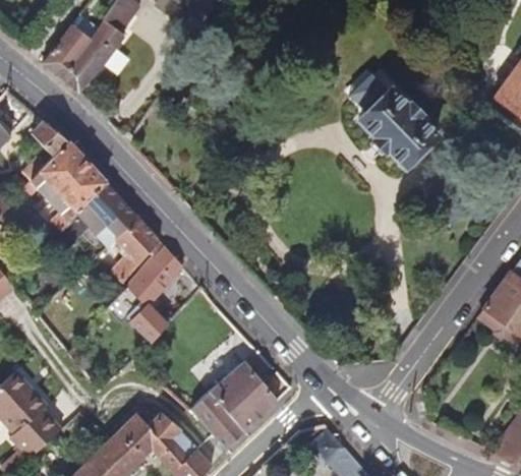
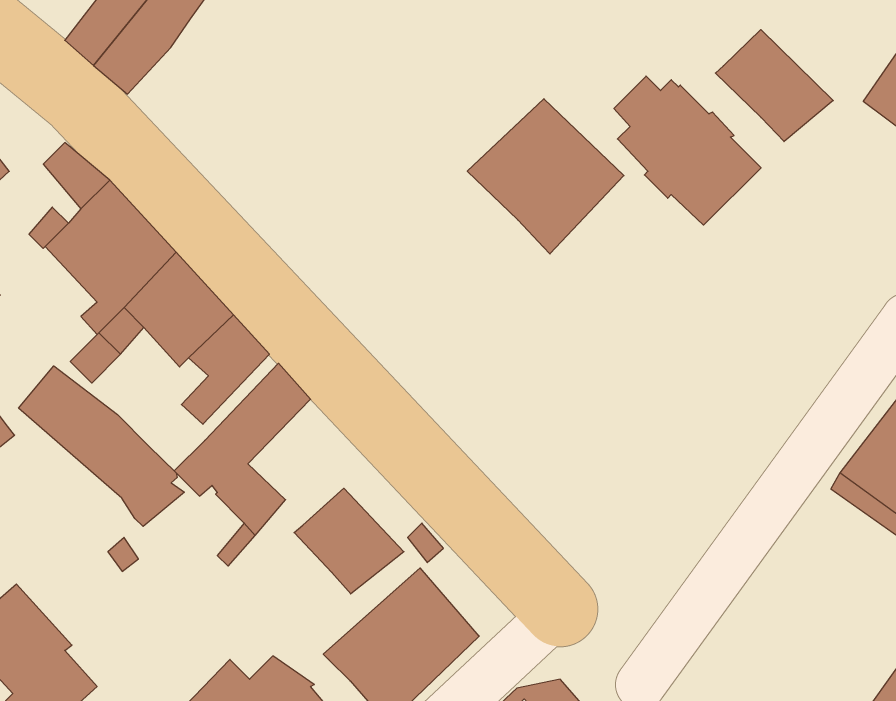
building: none -> [715,30,833,142]
building: none -> [467,99,624,254]
building: none -> [19,366,184,526]
building: none -> [294,488,404,594]

